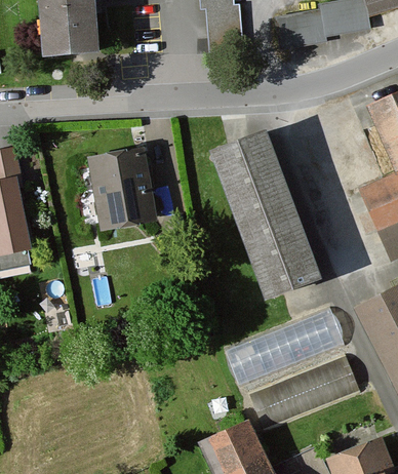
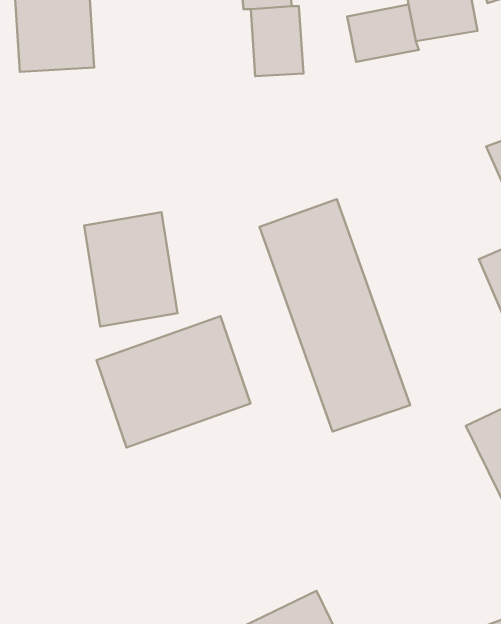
building: none -> [97,316,250,447]
building: [230,311,350,387] -> none
building: [252,356,364,430] -> none

